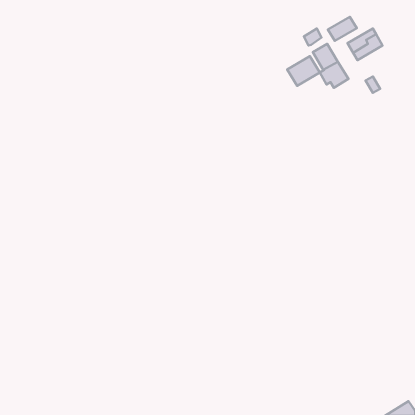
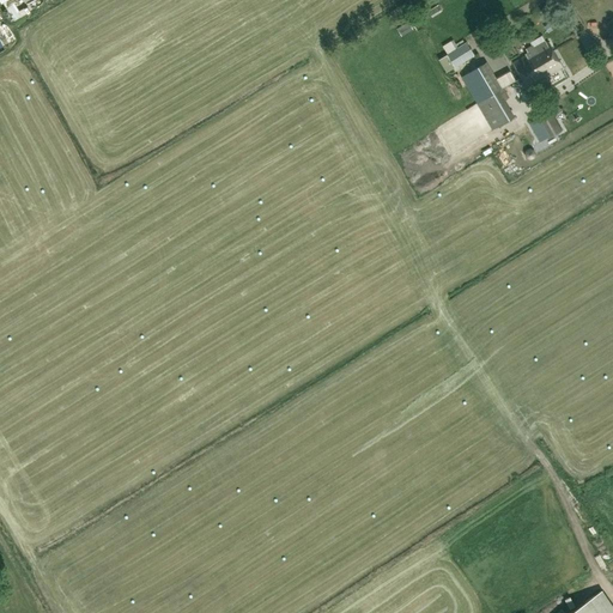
building: [328,17,357,41] -> none
building: [287,56,320,86] -> none

